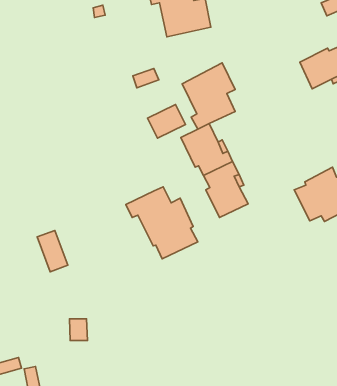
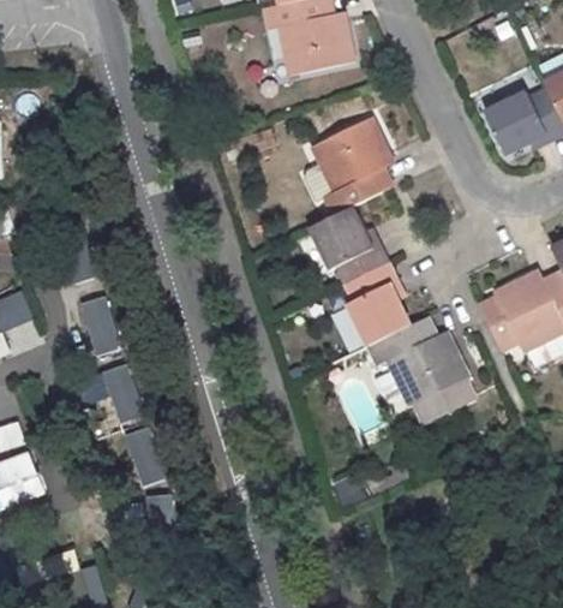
building: [148,105,185,138] -> none
building: none -> [77,296,120,356]
building: [126,187,198,259] -> [369,318,475,425]
building: none -> [122,427,166,489]

